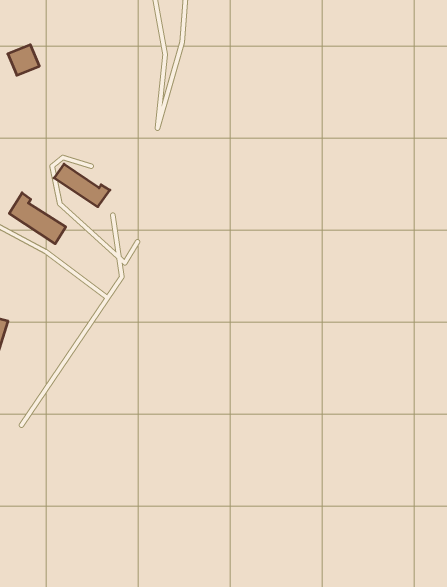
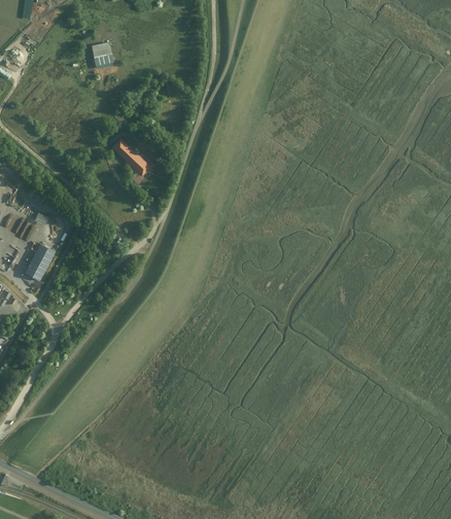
building: [9,193,66,244] -> none

